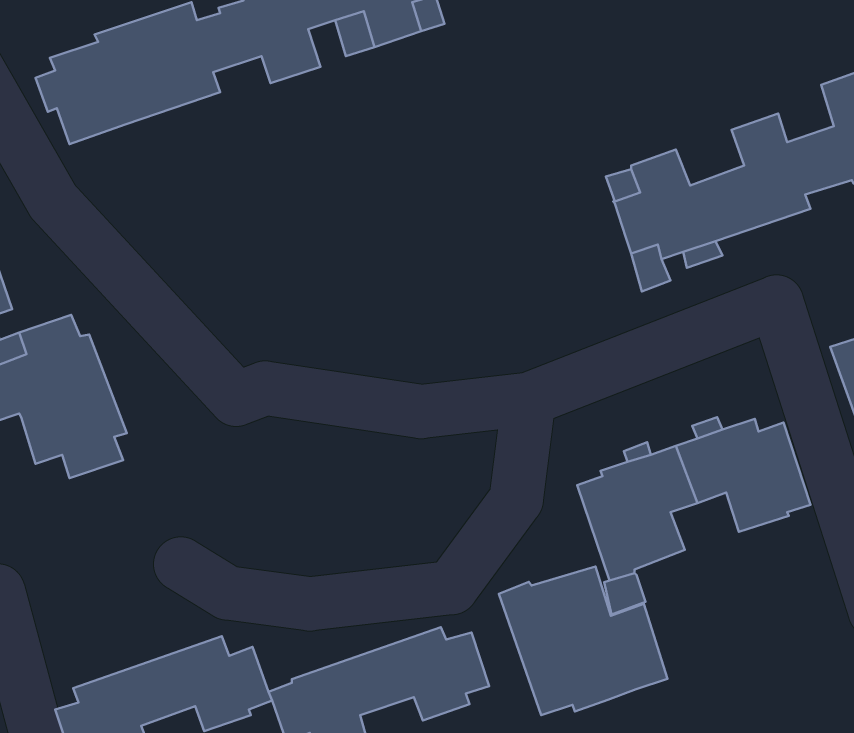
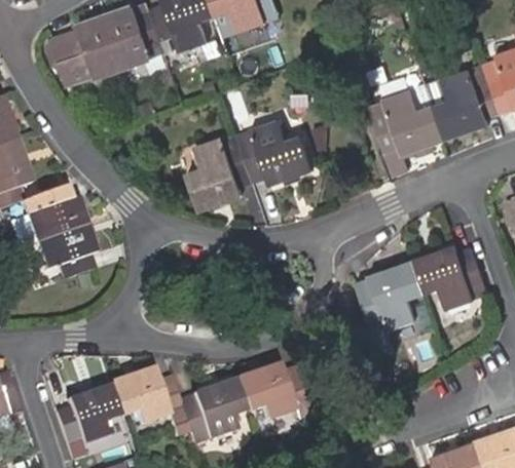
building: none -> [187,119,314,209]
building: [499,566,667,715] -> none

